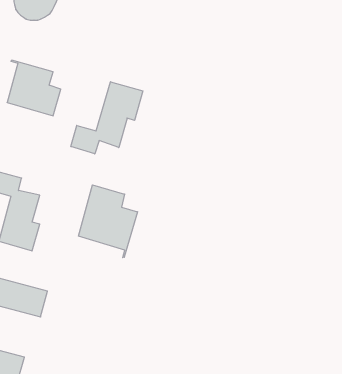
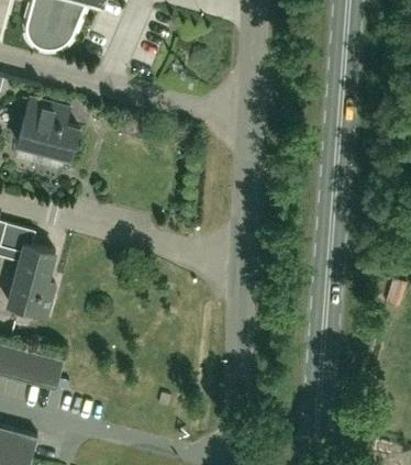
building: [71,82,143,154] -> none
building: [78,185,138,258] -> none

